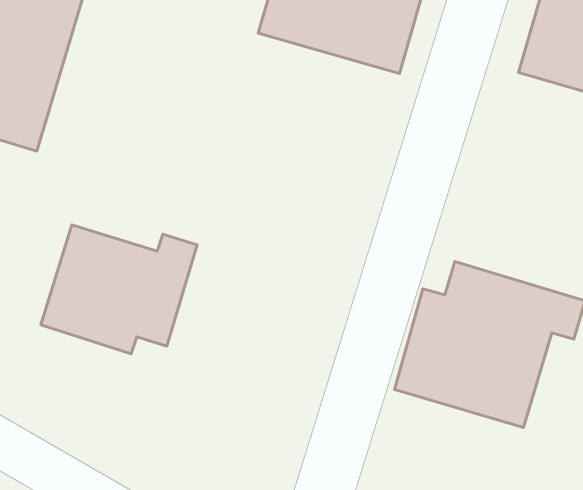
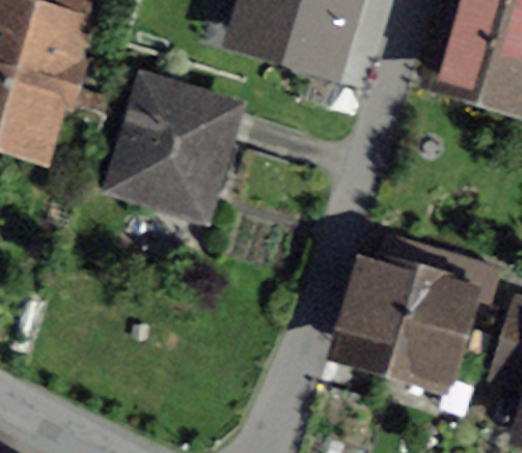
building: none -> [95,79,219,214]
building: [41,225,197,354] -> none

